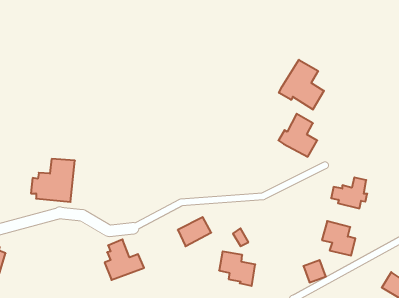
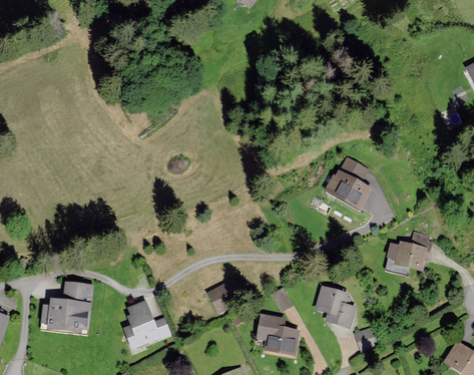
building: [279,60,324,110] -> none
building: [31,159,75,202] -> [40,285,91,335]
building: [322,221,355,256] -> [316,288,355,328]

